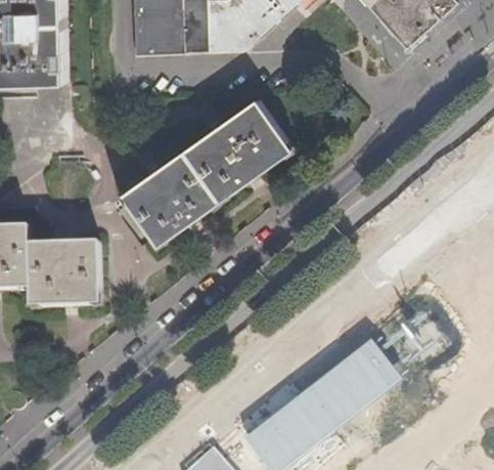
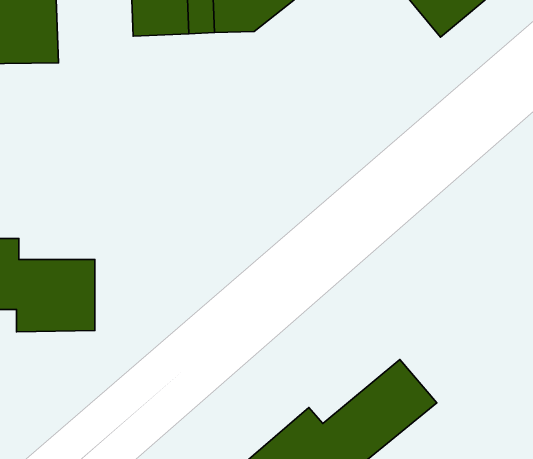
building: [124,95,294,242] -> none

